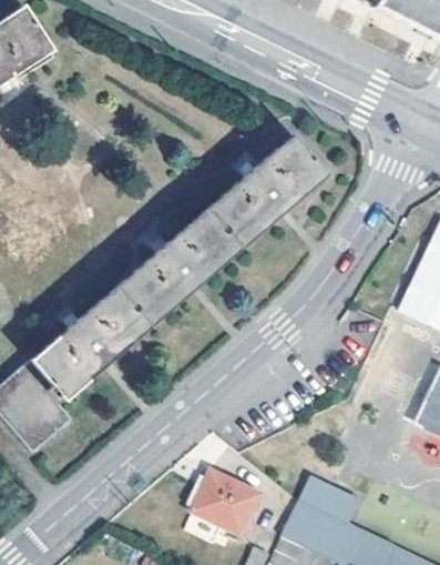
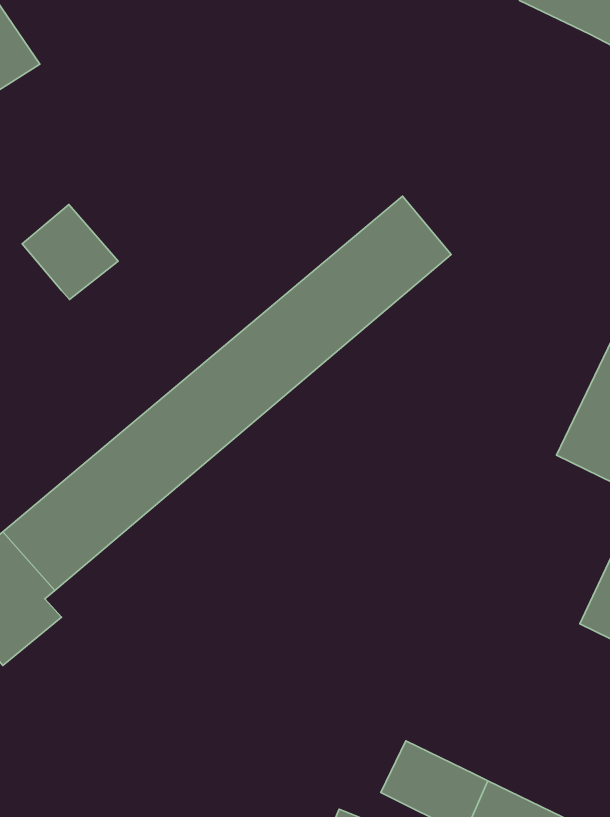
building: none -> [22,205,118,300]
building: [192,468,259,533] -> none
building: [296,474,352,522] -> none

